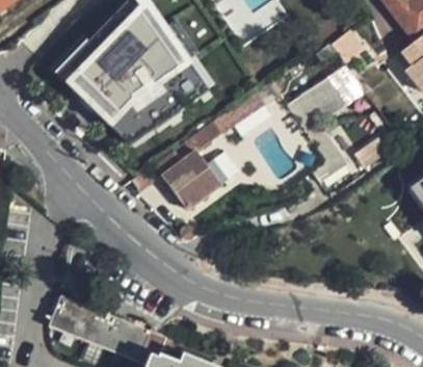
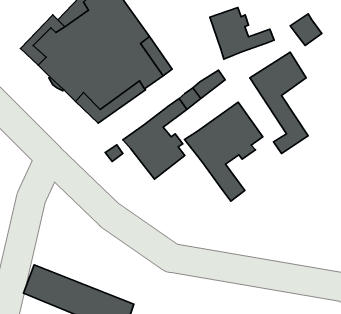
building: none -> [210,7,274,59]
building: none -> [185,102,263,201]

